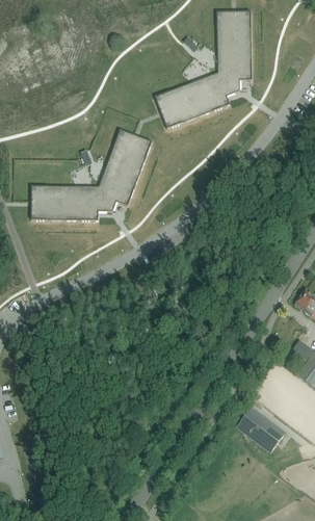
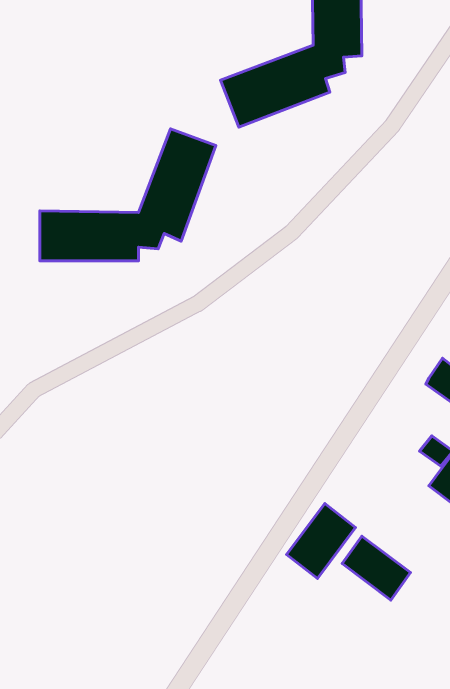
building: none -> [287,503,356,578]

